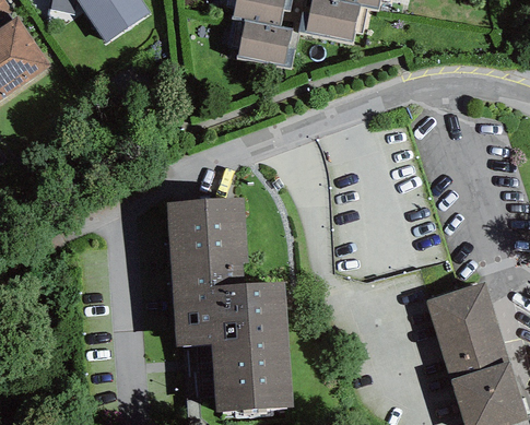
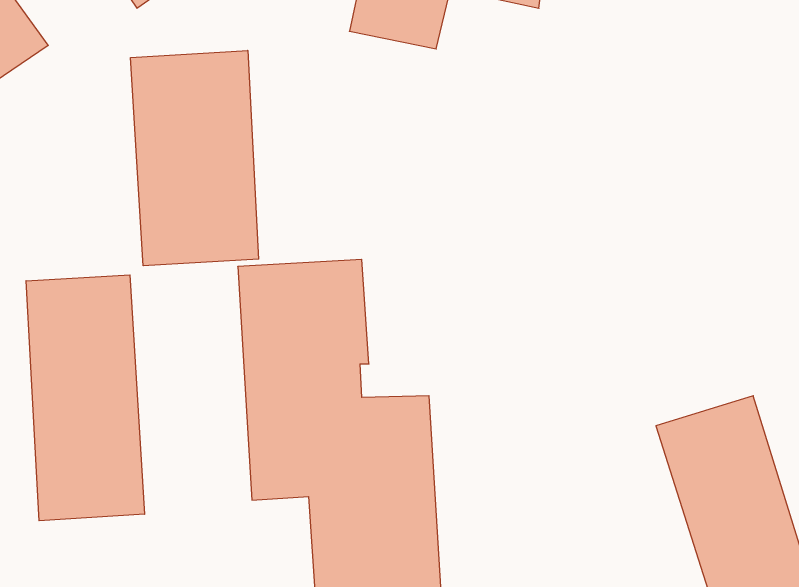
building: none -> [131,50,259,266]
building: none -> [26,275,145,521]

